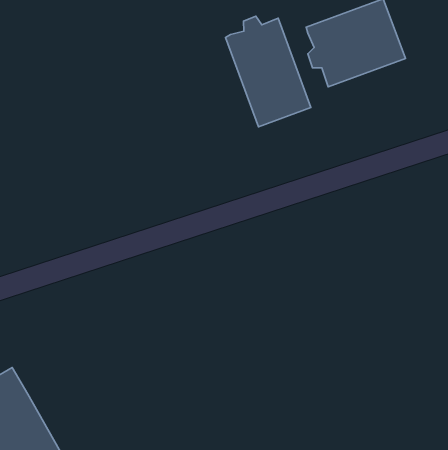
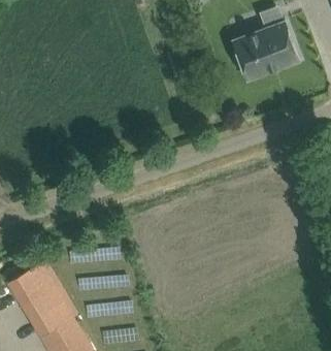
building: [226,16,311,127] -> none

